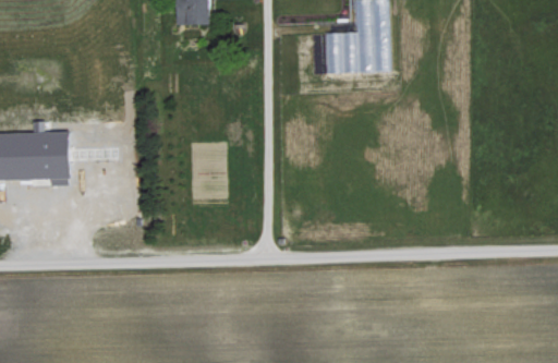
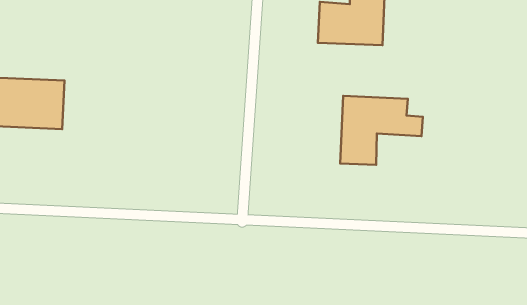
building: none -> [340,96,423,165]

